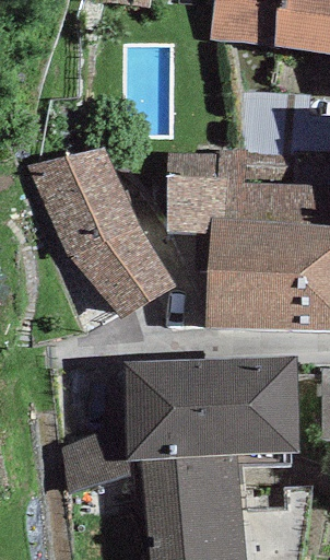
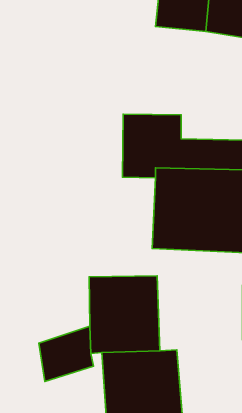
building: [28,148,176,319] -> none
building: [212,357,300,456] -> none

